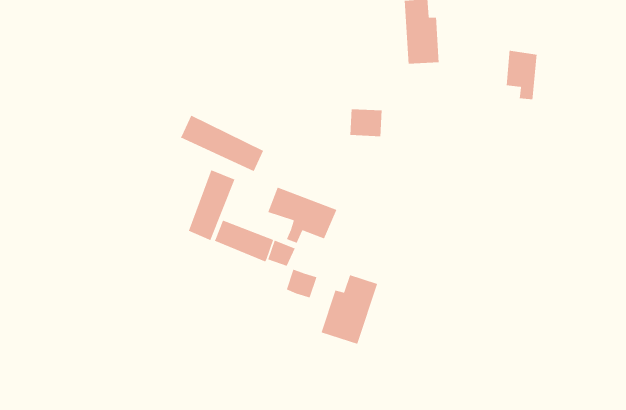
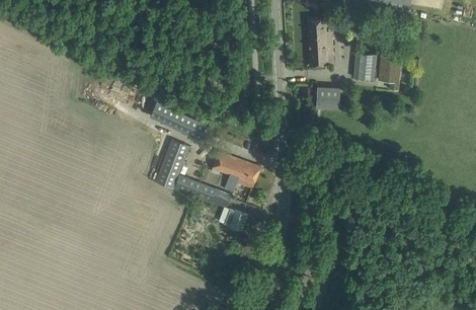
building: none -> [354,53,375,80]
building: [350,108,383,137] -> [316,87,339,107]
building: [321,274,378,345] -> none

